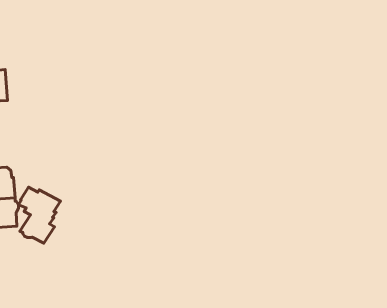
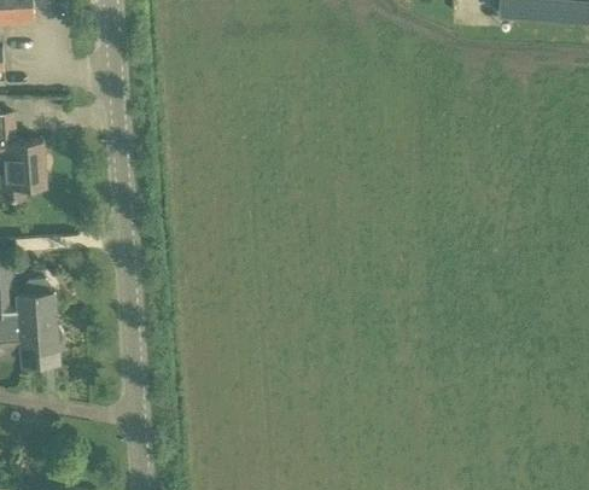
building: [19,187,60,243] -> none

